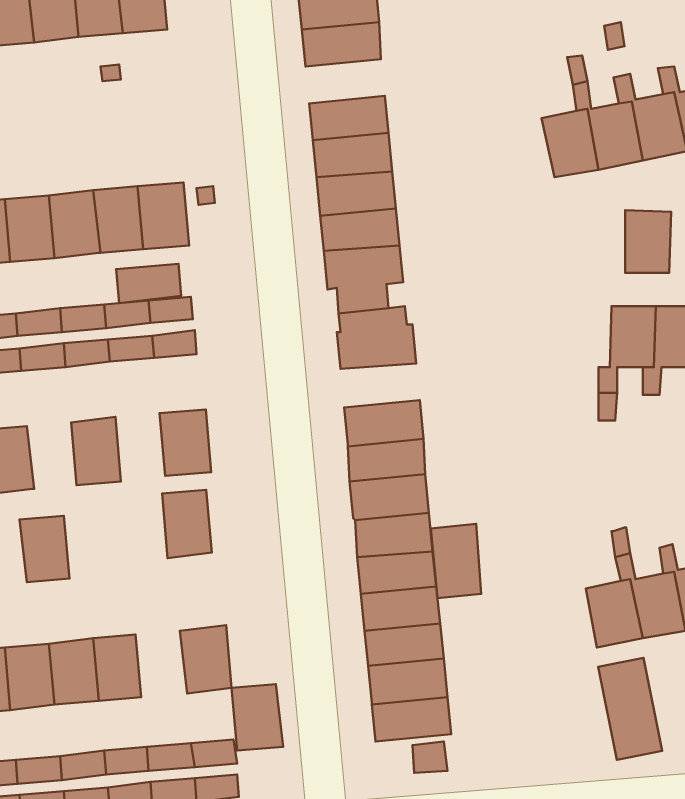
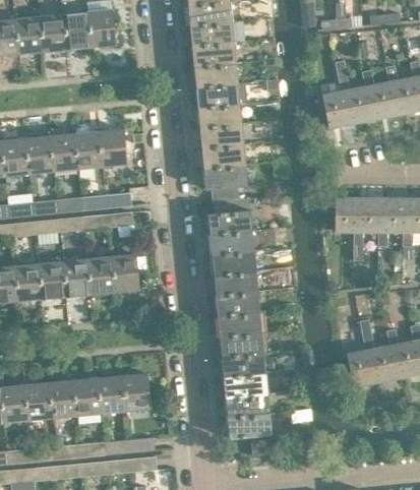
building: none -> [192,61,236,85]
building: [625,210,671,273] -> [336,196,361,231]
building: [116,264,181,303] -> none
building: none -> [212,229,255,253]
building: [162,490,212,558] -> [87,256,115,294]
building: [20,516,69,582] -> [39,261,66,298]
building: [431,524,481,598] -> none
building: [598,658,662,760] -> none
building: [232,684,283,751] -> [99,376,127,413]

